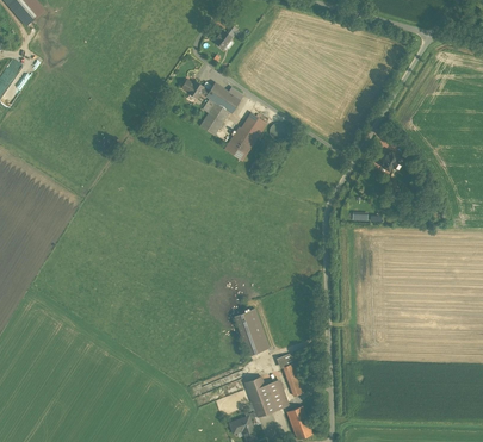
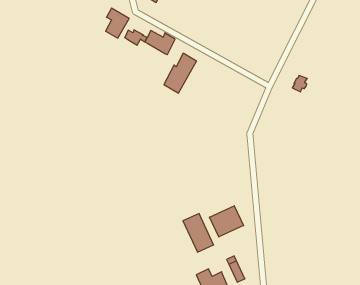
building: [199,98,229,135] -> [106,8,129,38]
building: none -> [210,206,244,237]

